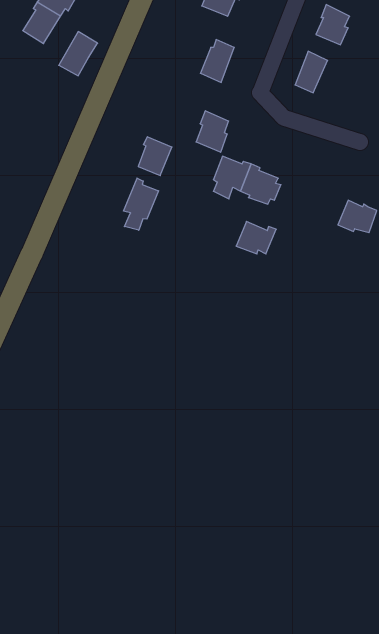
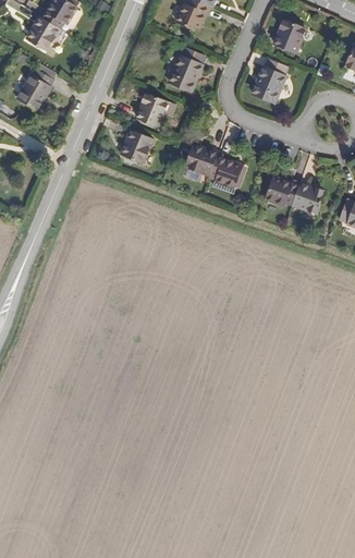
building: [59,32,98,76] -> [19,69,51,106]
building: [196,111,229,152] -> [138,90,166,125]
building: [124,178,159,230] -> none
building: [236,221,276,254] -> [267,175,301,203]

